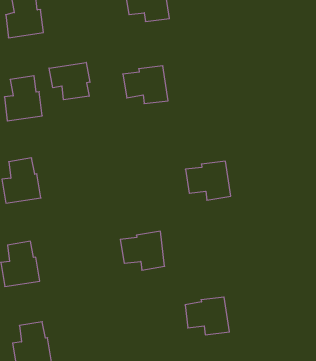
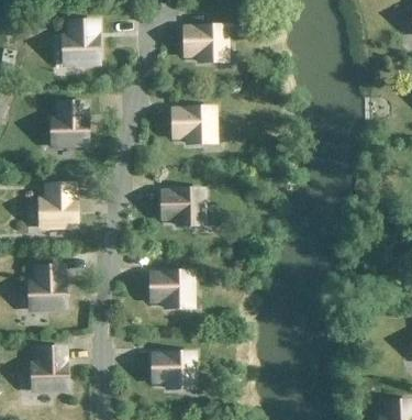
building: [49,62,90,100] -> none
building: [185,161,231,200] -> [158,189,200,225]
building: [185,297,229,335] -> [149,353,190,388]

